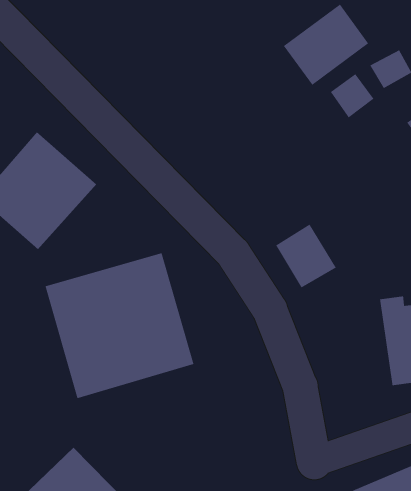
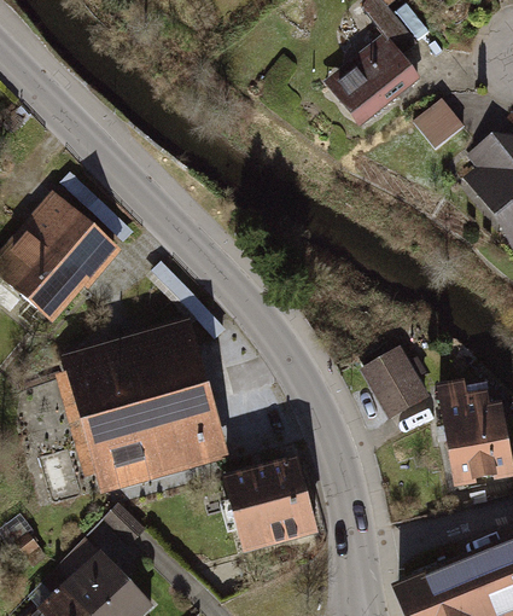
building: [330,73,375,119] -> none
building: [275,223,337,288] -> [361,343,430,415]
building: none -> [229,461,316,546]

